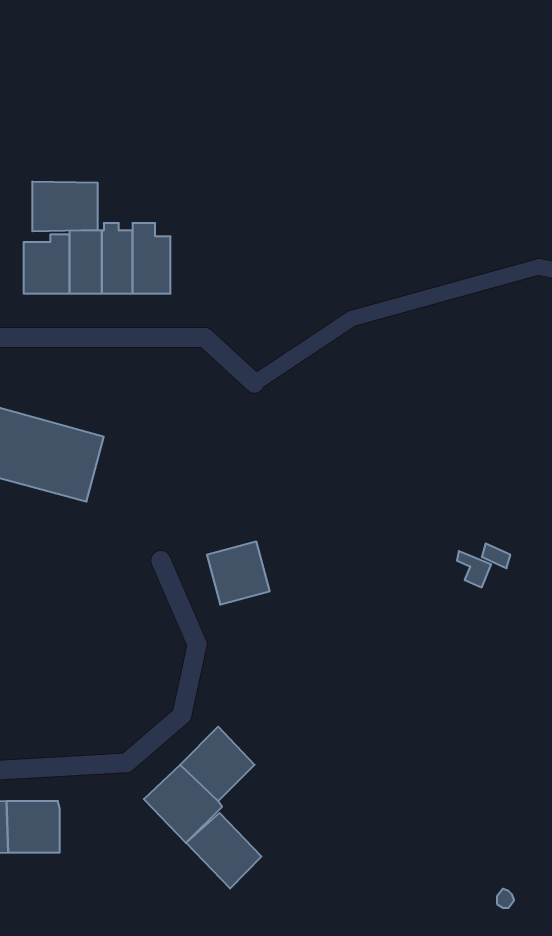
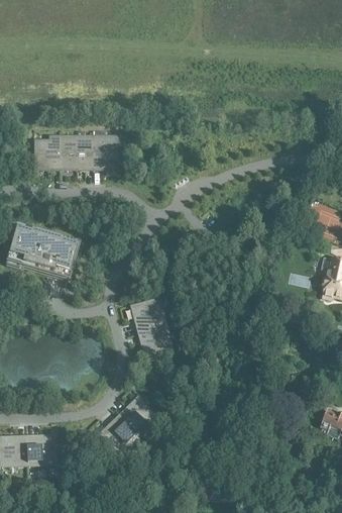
building: [32,181,98,231] -> none
building: none -> [138,323,172,356]
building: [186,813,261,889] -> none

